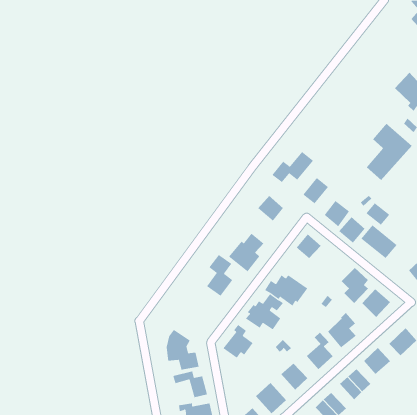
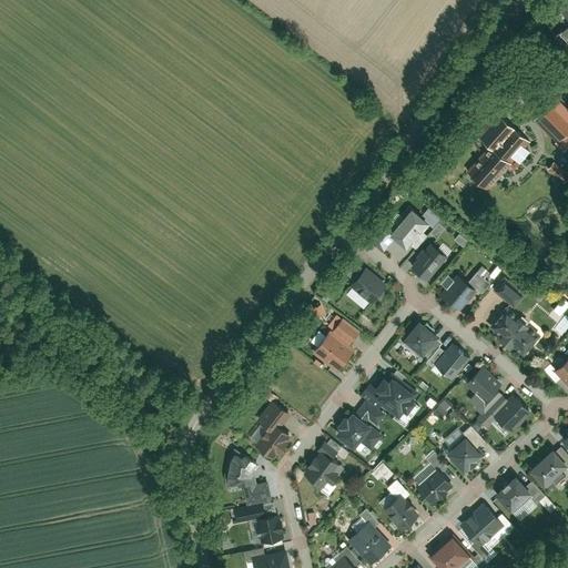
building: [366,123,412,181] -> [467,112,530,191]
building: [339,217,366,243] -> [434,344,470,381]
building: [206,254,233,297] -> [255,403,292,460]

